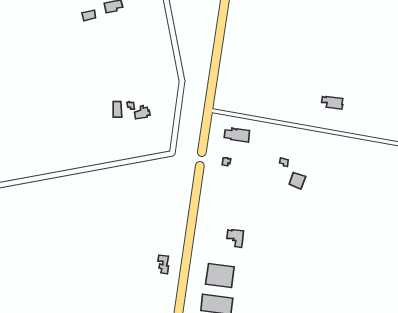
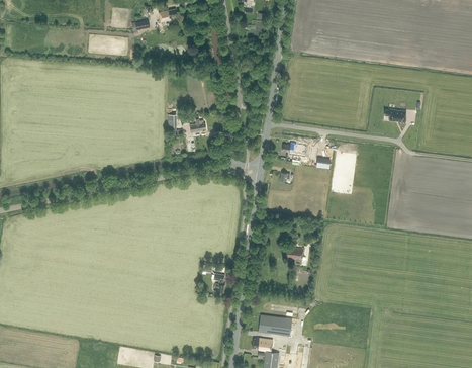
building: [206,264,234,287] -> none

